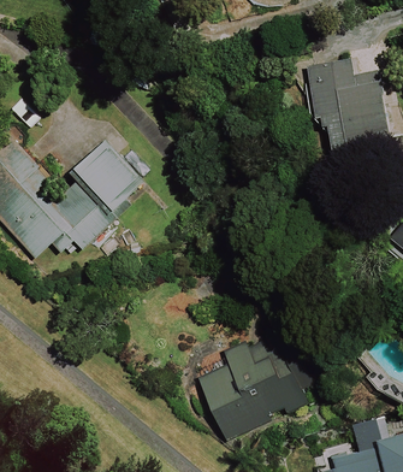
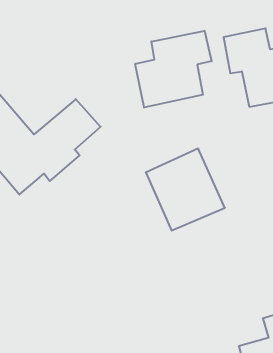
building: none -> [135,31,212,108]
building: [195,336,295,439] -> [146,149,225,231]

